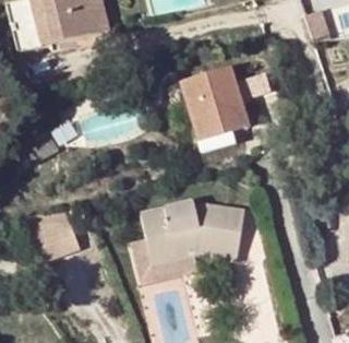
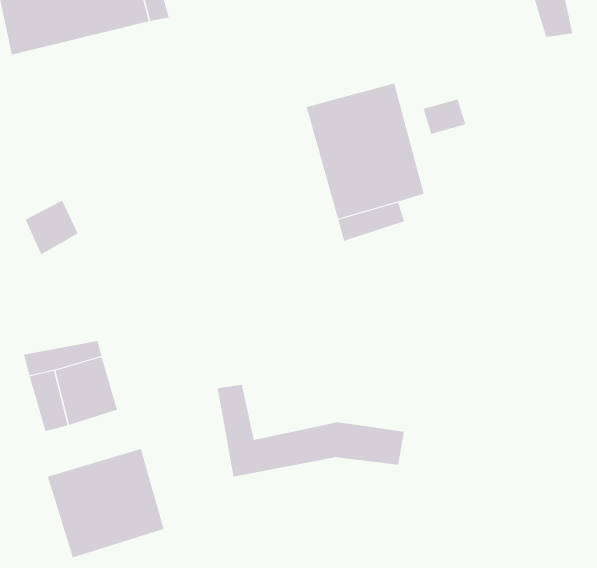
building: [141,201,243,262] -> none
building: none -> [47,448,164,558]

